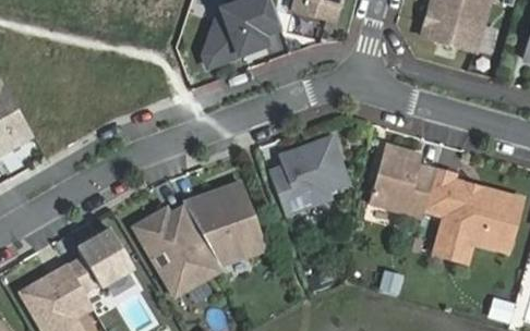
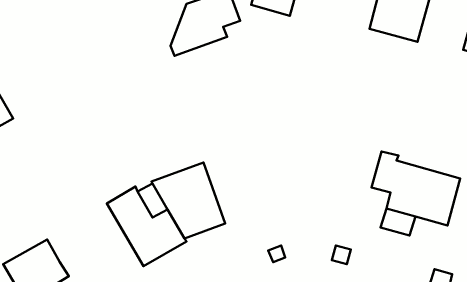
building: [268,136,348,214] -> none
building: [370,145,435,217] -> none
building: [69,229,133,291] -> none

